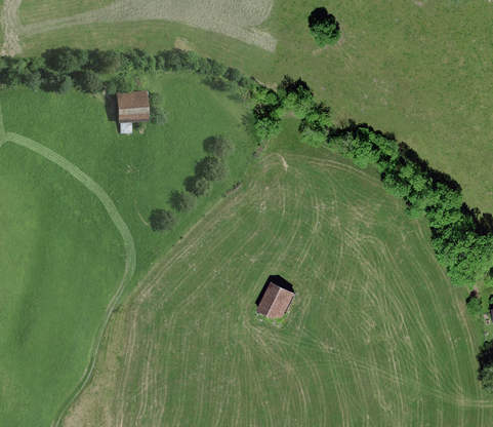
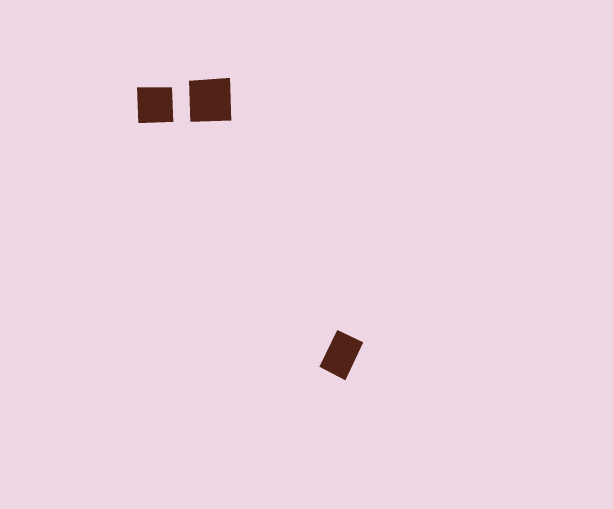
building: none -> [188,77,232,123]

